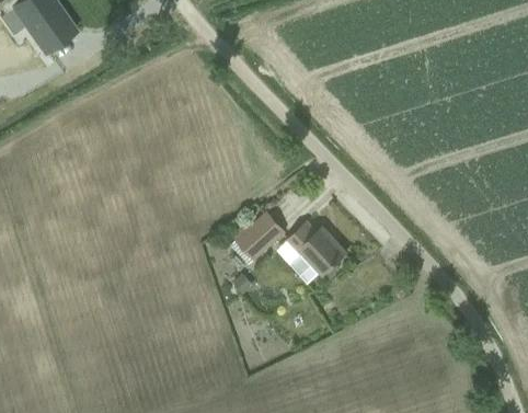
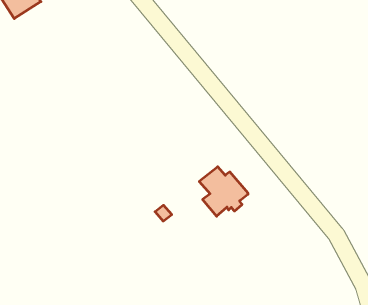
building: [231,211,285,260] -> none

